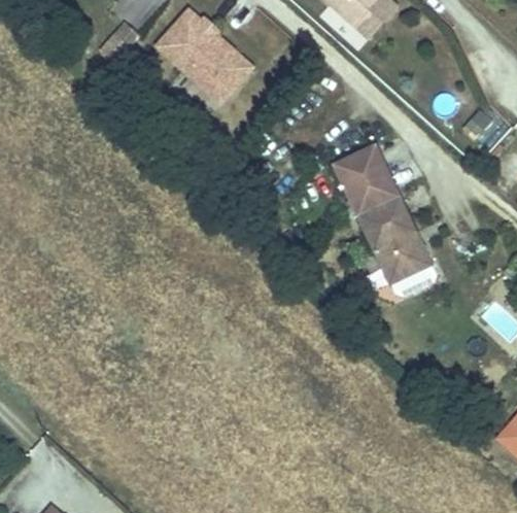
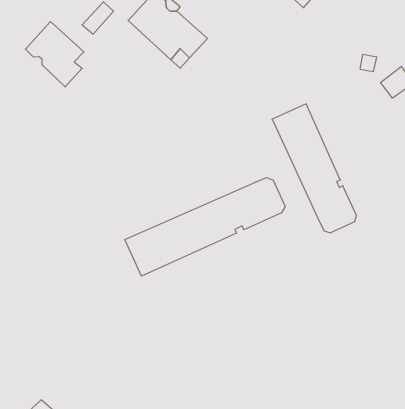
building: none -> [25,22,84,87]
building: none -> [125,178,285,276]

